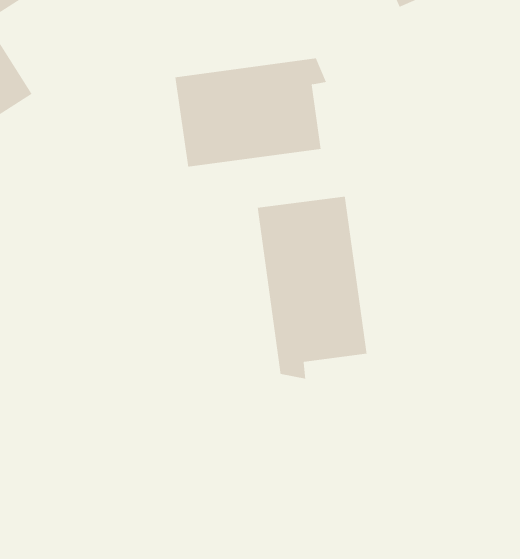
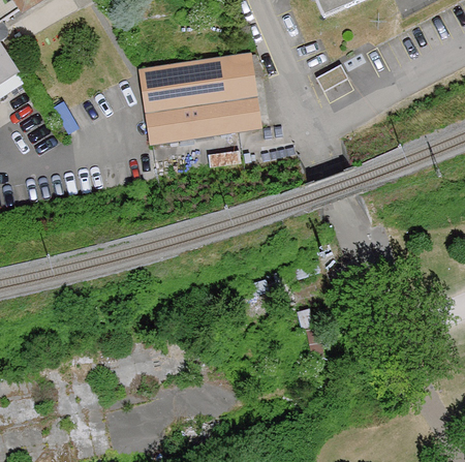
building: [257,196,367,379] -> none

